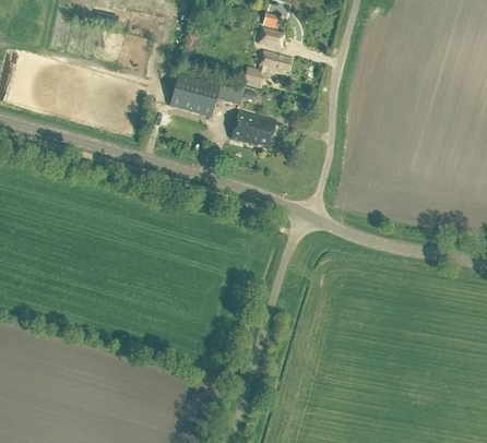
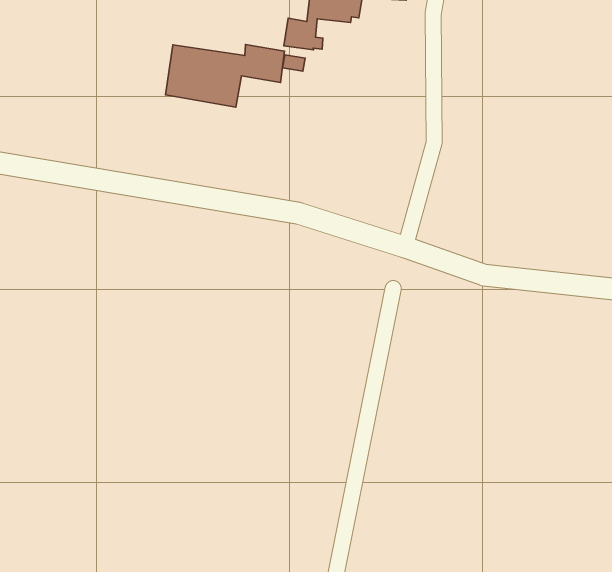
building: [229,110,275,145] -> none

